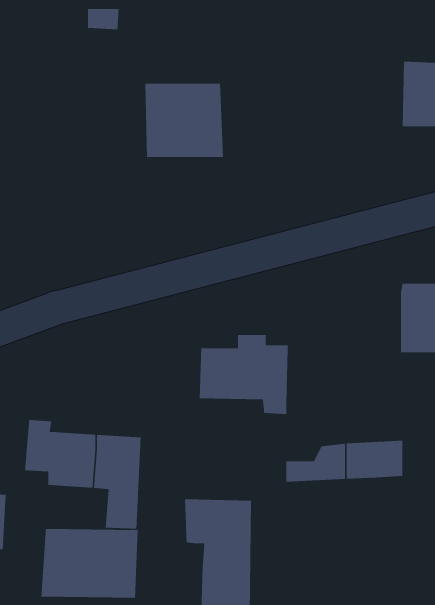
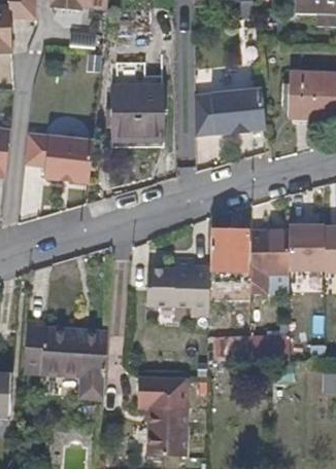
building: none -> [192,84,264,135]
building: none -> [18,132,93,183]
building: none -> [210,229,245,272]
building: none -> [251,232,289,294]
building: [41,528,138,598] -> none

